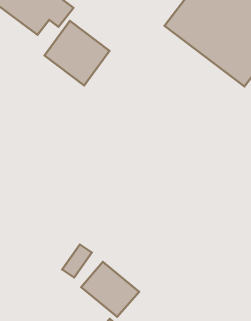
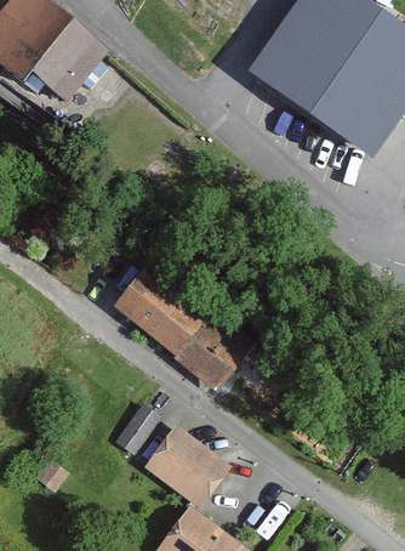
building: [45,21,109,86] -> none
building: none -> [115,265,253,392]

